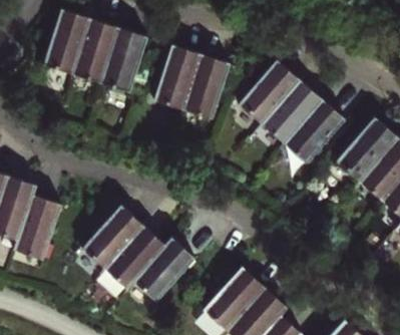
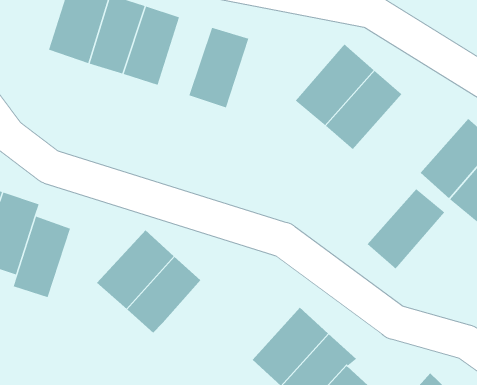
building: [184,55,230,119] -> none
building: [285,99,347,163] -> [367,188,445,269]
building: [134,239,195,302] -> none

